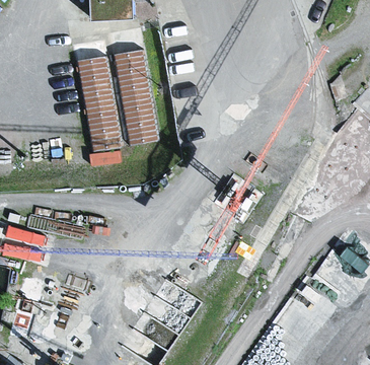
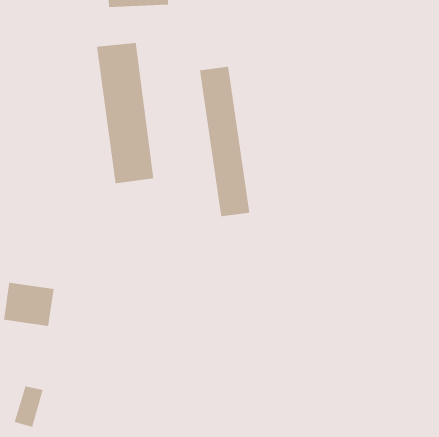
building: [117,31,155,145] -> [199,66,250,217]

